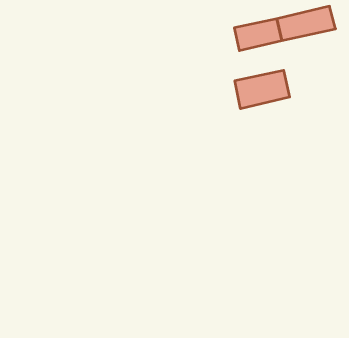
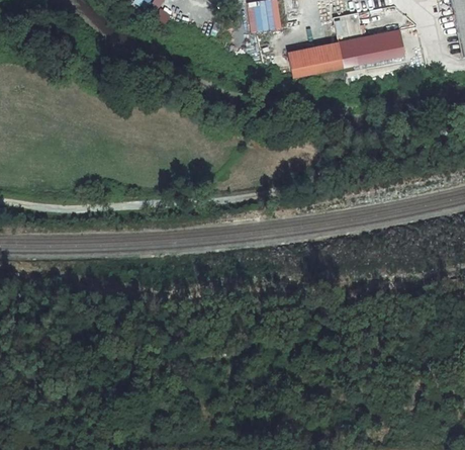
building: [235,70,290,109] -> none

